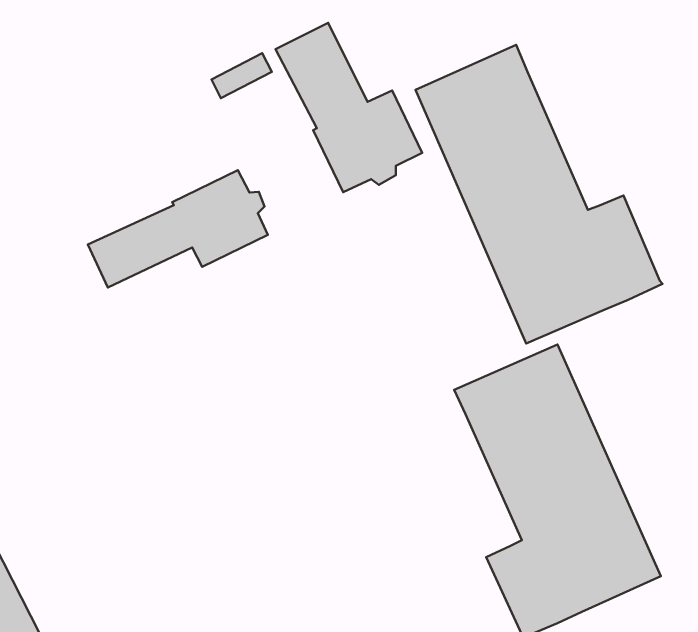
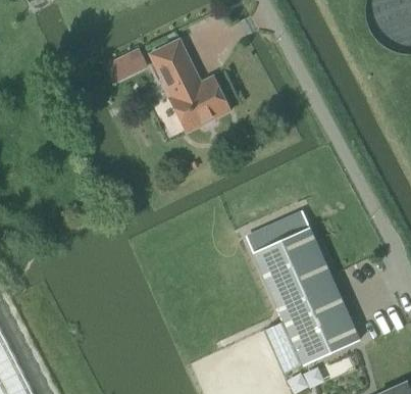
building: [415,45,663,343] -> none
building: [88,170,268,287] -> none

